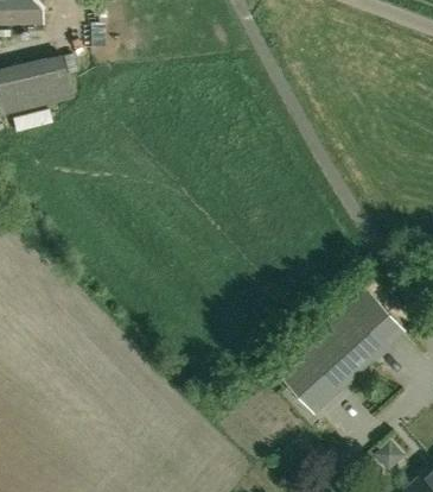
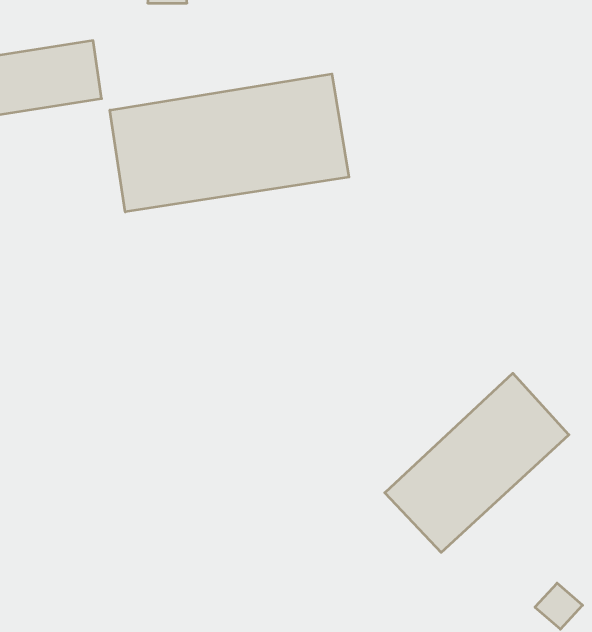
building: none -> [110,74,349,212]

